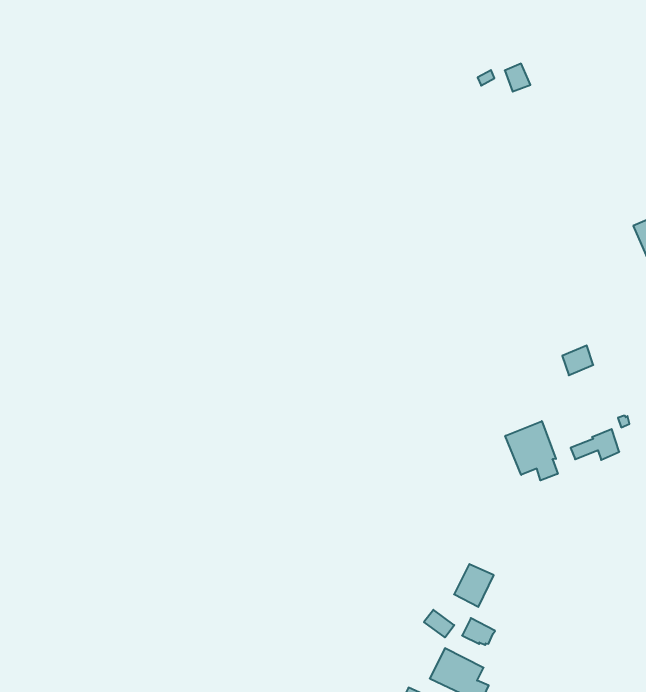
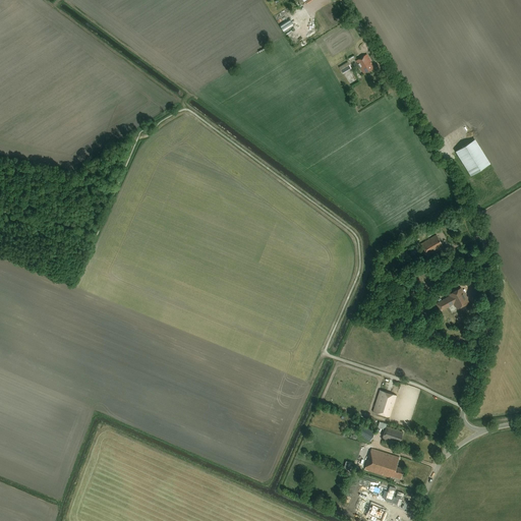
building: [505,421,558,480] -> none

